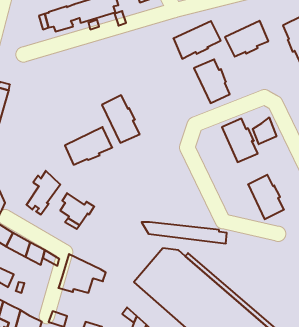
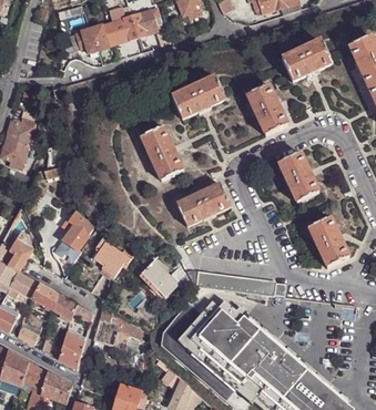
building: [173,21,221,59] -> [172,76,226,120]
building: [253,117,276,144] -> none
building: [65,127,112,165] -> [176,184,231,227]
building: none -> [141,262,186,298]
building: none -> [59,332,84,369]

